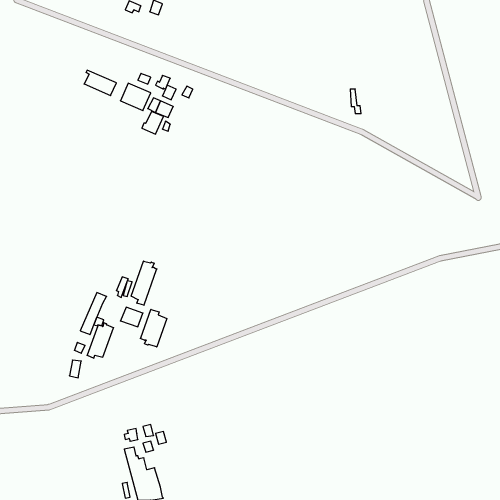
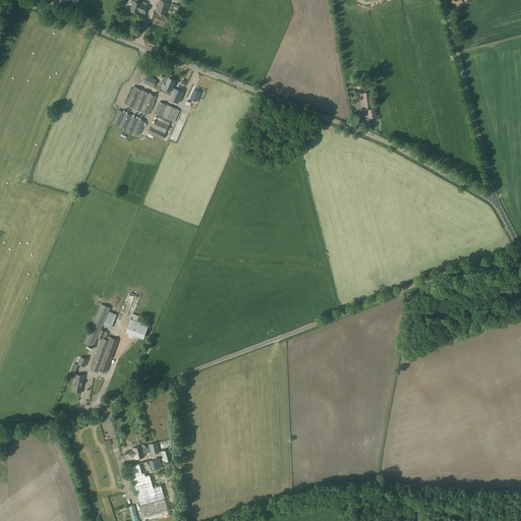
building: [84,70,116,96] -> [112,109,146,135]
building: [131,261,157,305] -> none
building: [140,309,167,347] -> none

